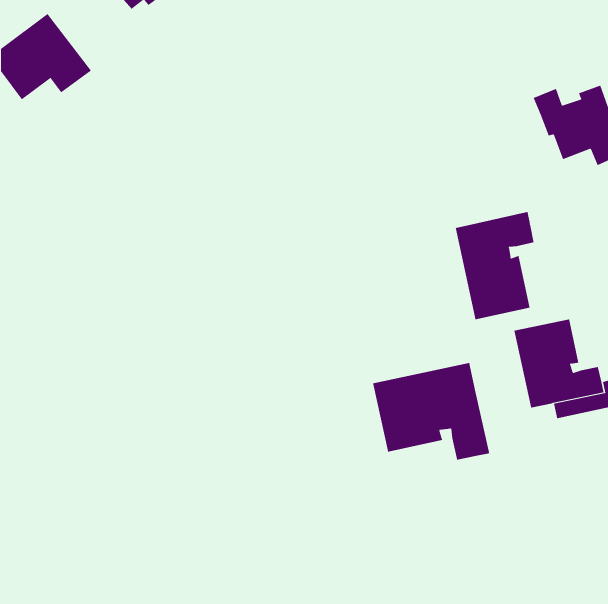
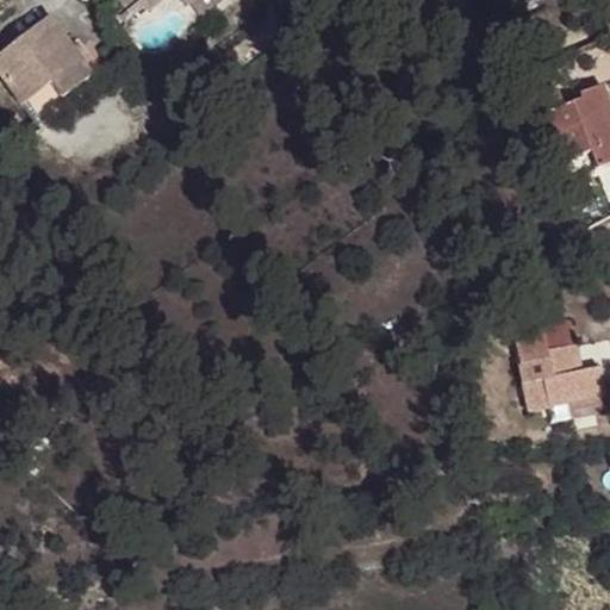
building: [455,211,534,320] -> none
building: [373,362,490,460] -> none

